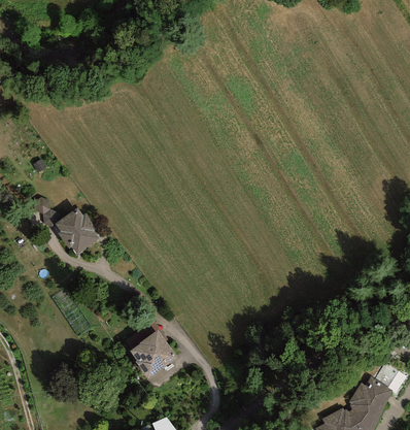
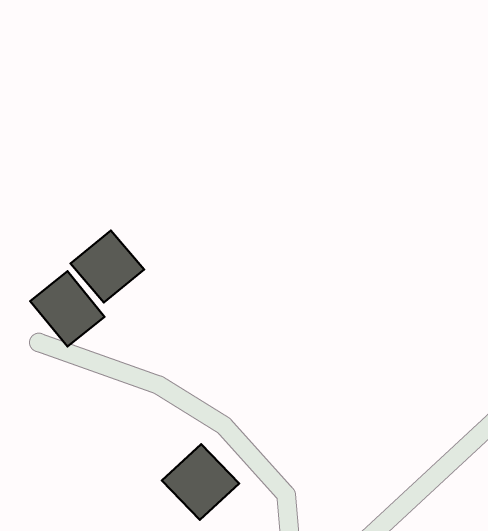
building: none -> [70,231,144,303]

